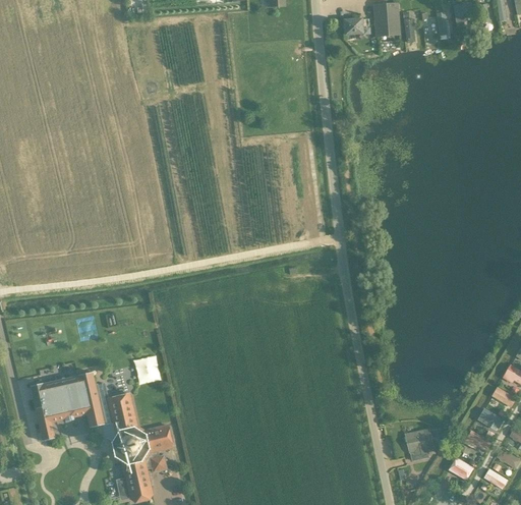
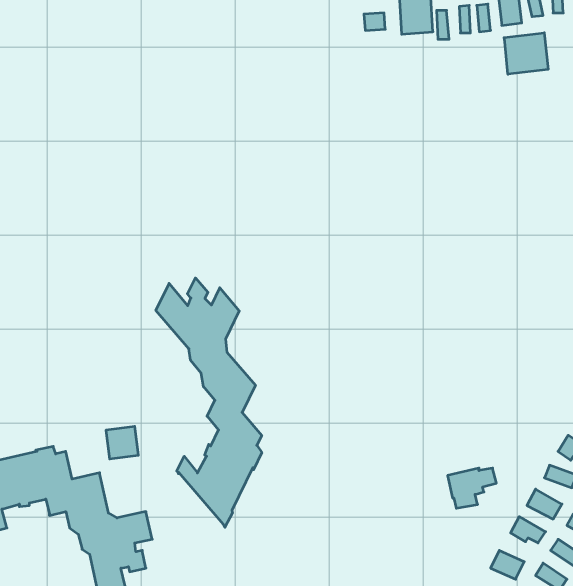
building: none -> [504,33,548,74]
building: none -> [156,278,262,527]
building: [406,429,446,461] -> [448,468,496,508]

